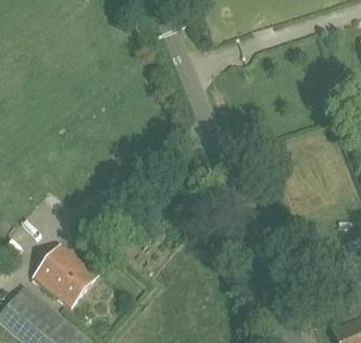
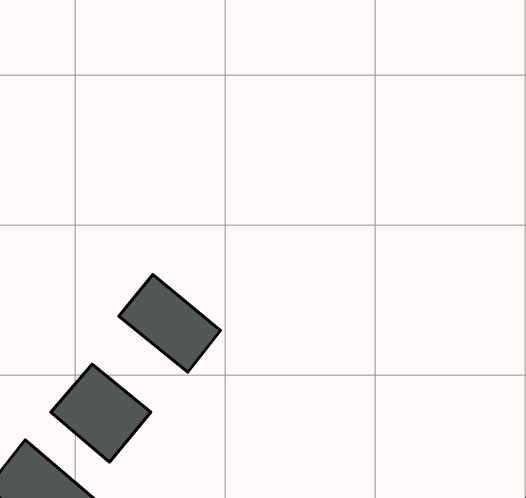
building: none -> [119,275,220,372]

